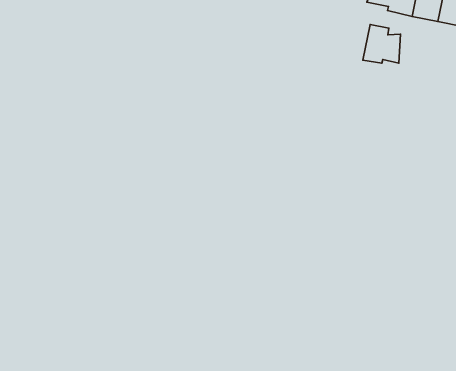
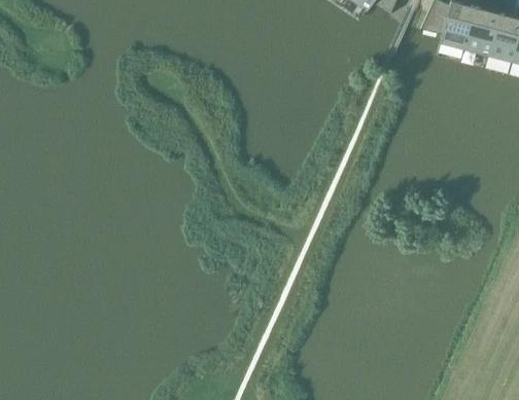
building: [363,24,400,63] -> none

